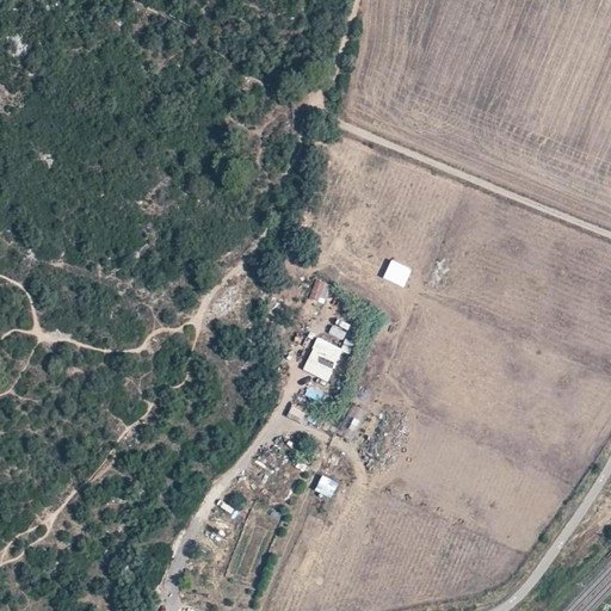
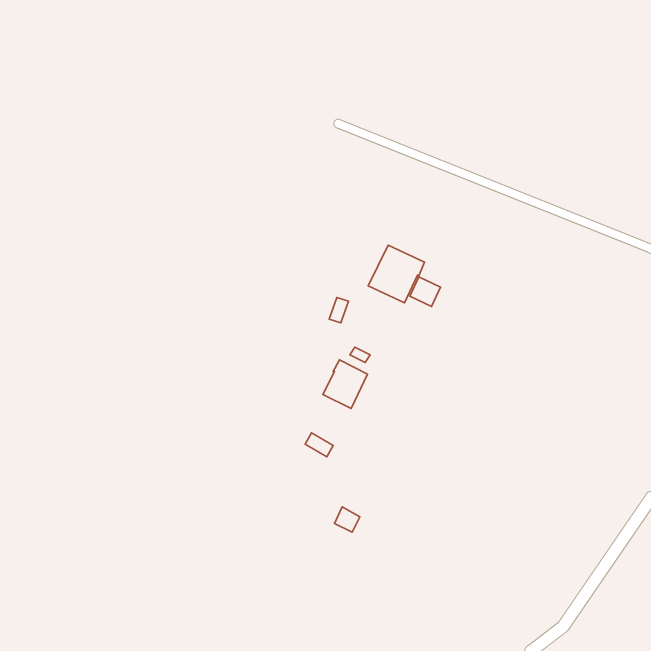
building: none -> [368,245,424,303]

